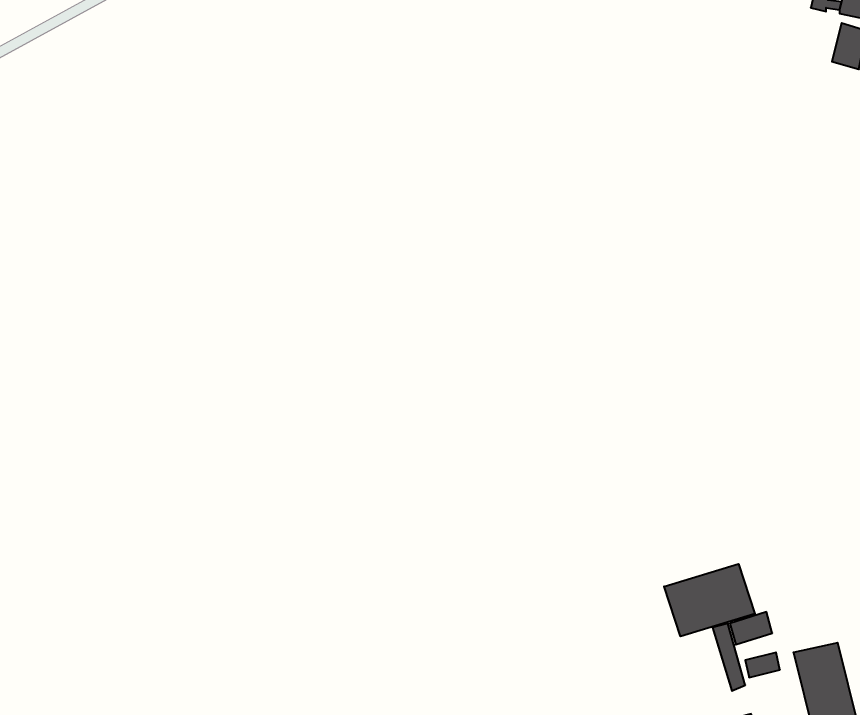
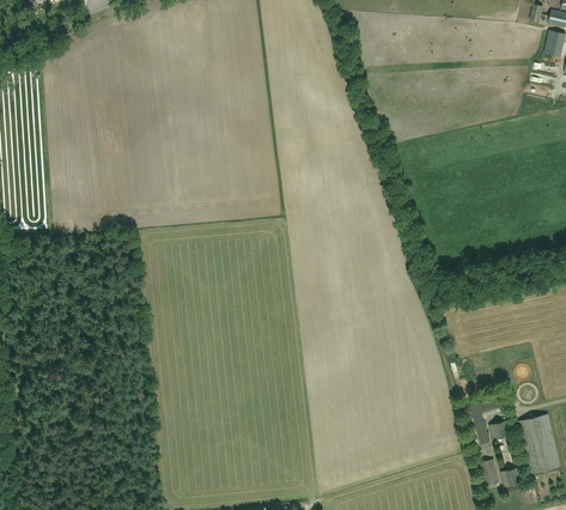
building: [664,564,755,636] -> none

